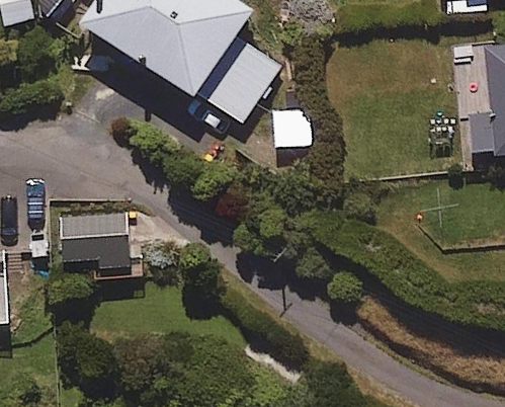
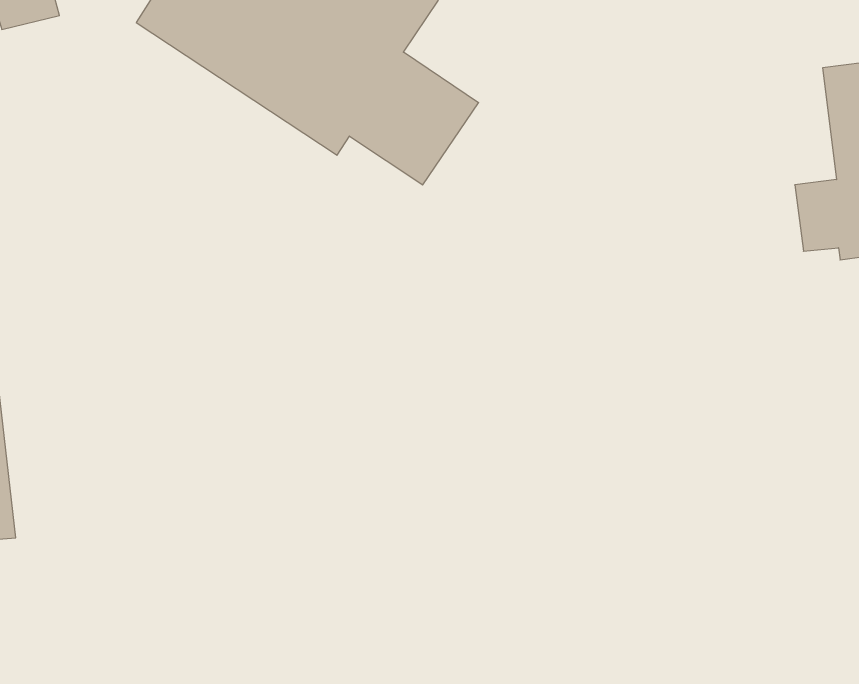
building: [61,212,135,267] -> none

